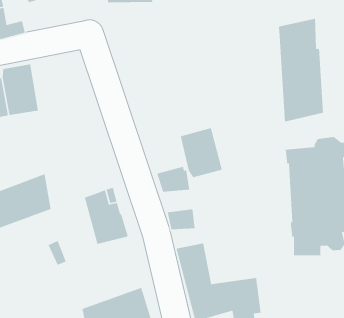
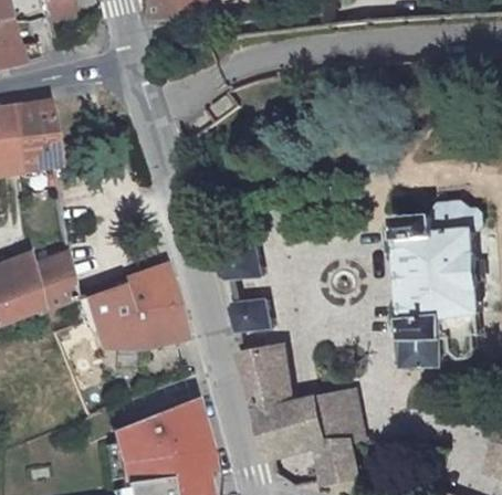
building: [278,18,324,122] -> none
building: [180,127,223,178] -> none
building: none -> [84,283,136,348]

